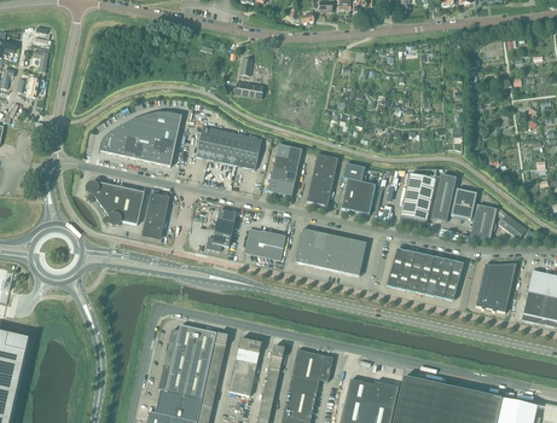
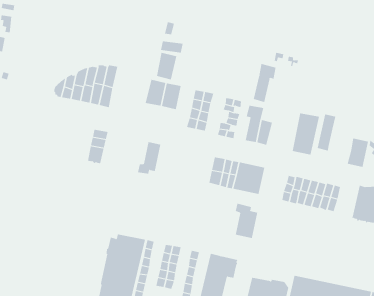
building: none -> [253,63,276,103]
building: [196,124,222,160] -> [156,52,177,80]
building: [86,180,144,224] -> none
building: [447,187,476,219] -> none
building: [244,227,285,259] -> none
building: none -> [235,203,258,239]

